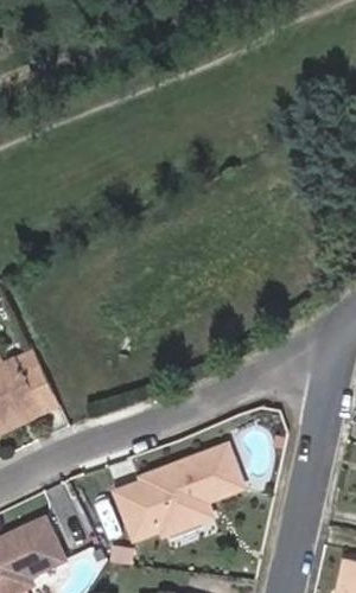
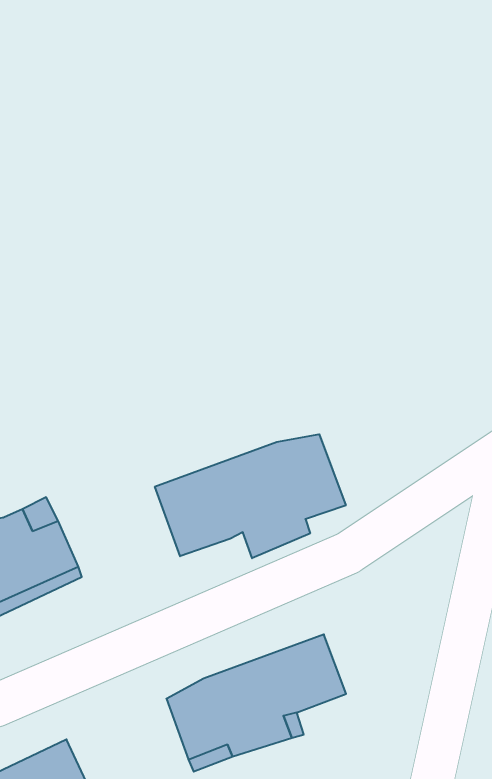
building: none -> [155,434,346,558]

